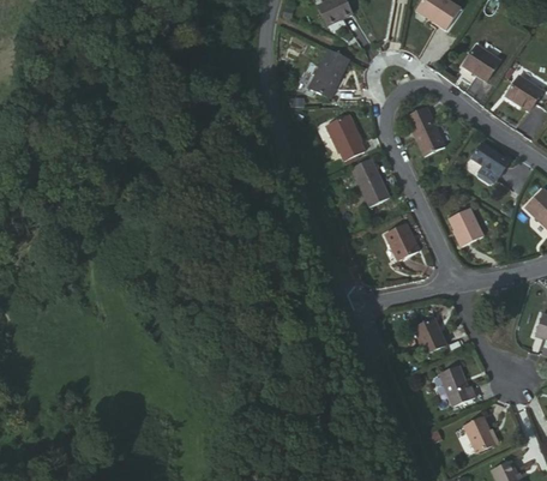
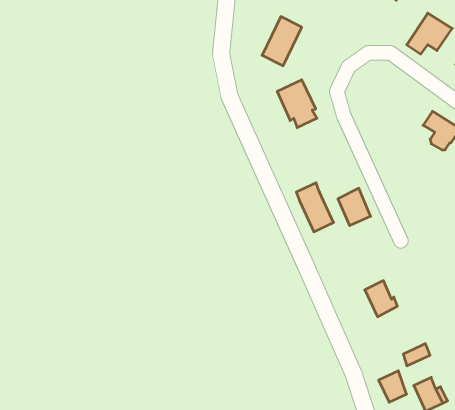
building: [407,109,445,158] -> none
building: [350,154,389,204] -> [296,183,334,232]
building: [447,209,481,247] -> none
building: [441,360,470,392] -> [379,371,407,402]

